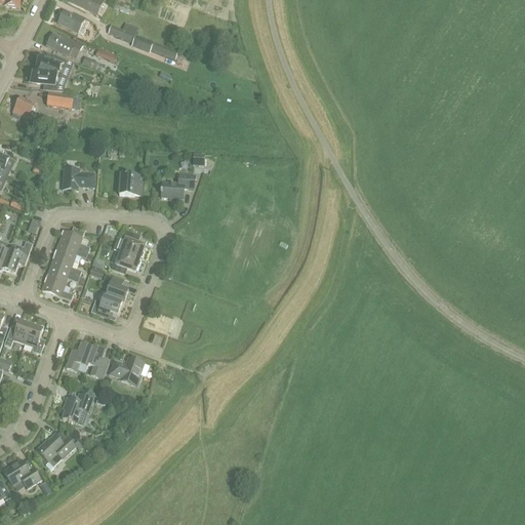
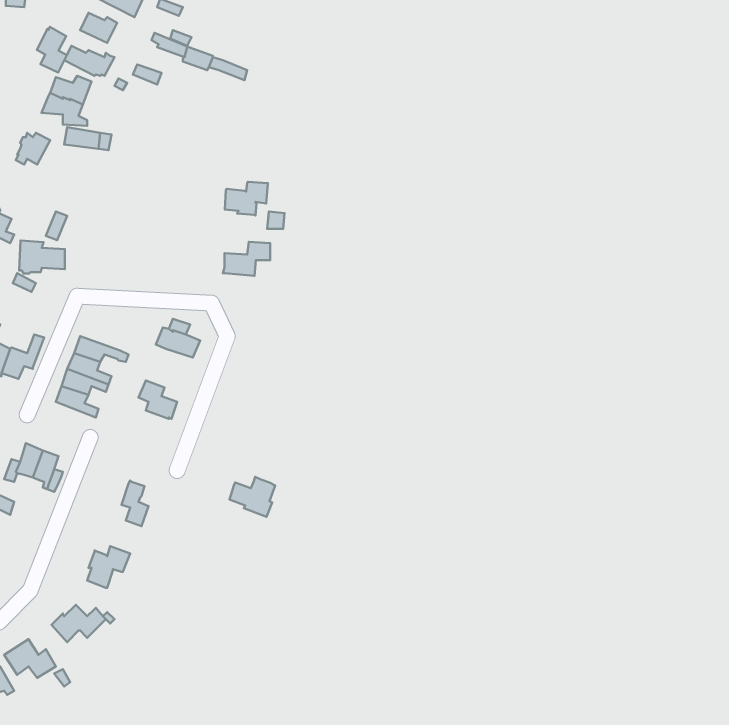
building: none -> [37,27,67,72]
building: none -> [225,182,268,215]
building: [62,166,94,190] -> [19,241,65,274]
building: [118,172,143,195] -> none
building: [57,226,88,251] -> none
building: [110,250,138,273] -> none
building: [90,294,121,317] -> none
building: [66,342,92,370] -> none
building: [110,356,143,385] -> [229,477,275,517]

